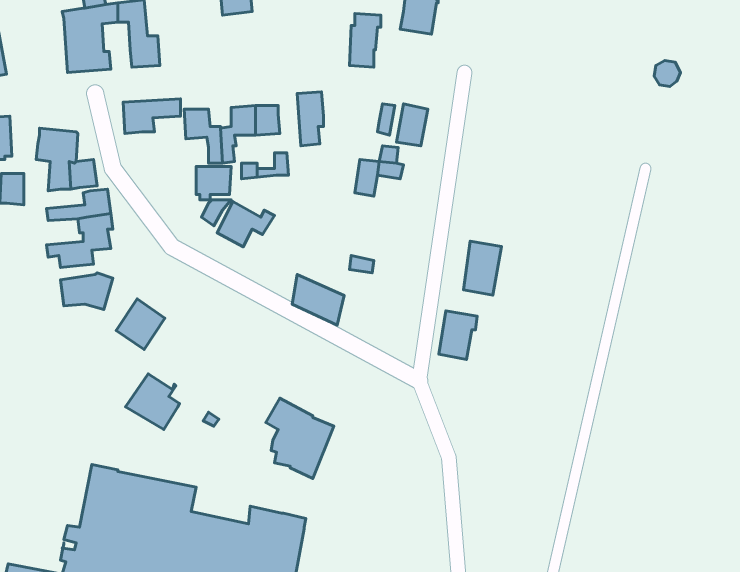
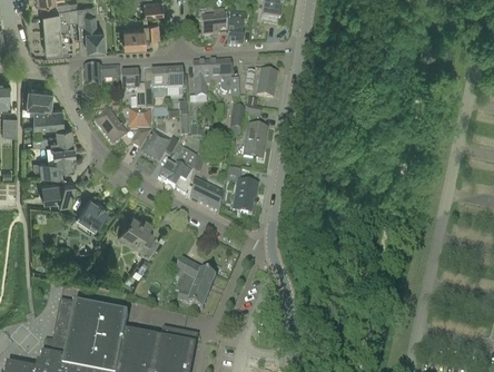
building: none -> [200,8,226,35]
building: none -> [124,19,159,42]
building: none -> [208,59,238,95]
building: none -> [95,108,127,143]
building: none -> [157,144,196,192]
building: [463,241,502,295] -> [243,123,267,157]
building: [439,311,477,360] -> [233,179,257,211]
building: [125,374,179,429] -> [119,211,154,246]

